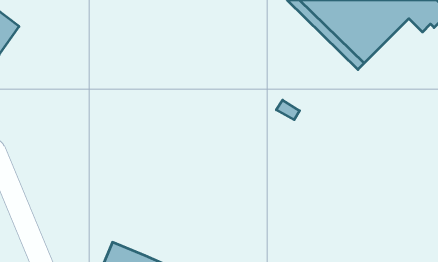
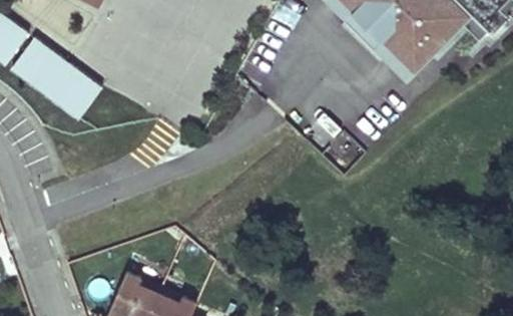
building: none -> [9,40,97,120]

